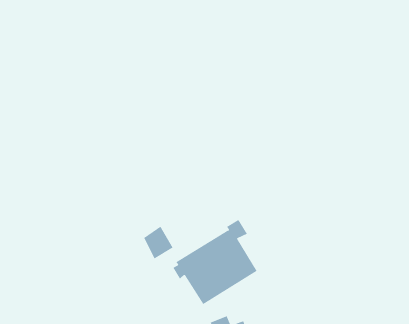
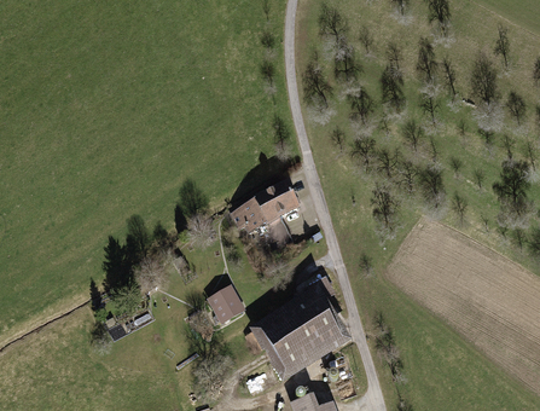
building: none -> [227,181,298,232]

